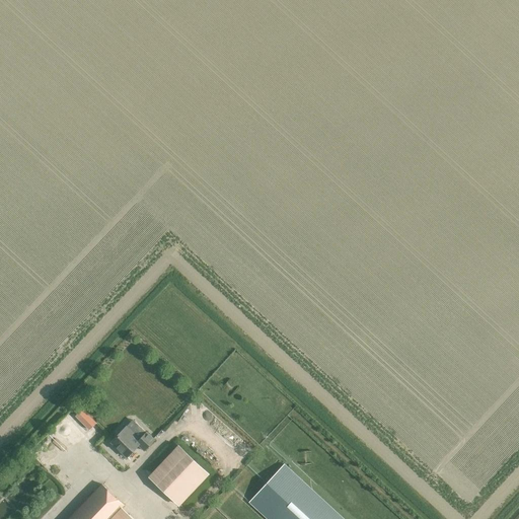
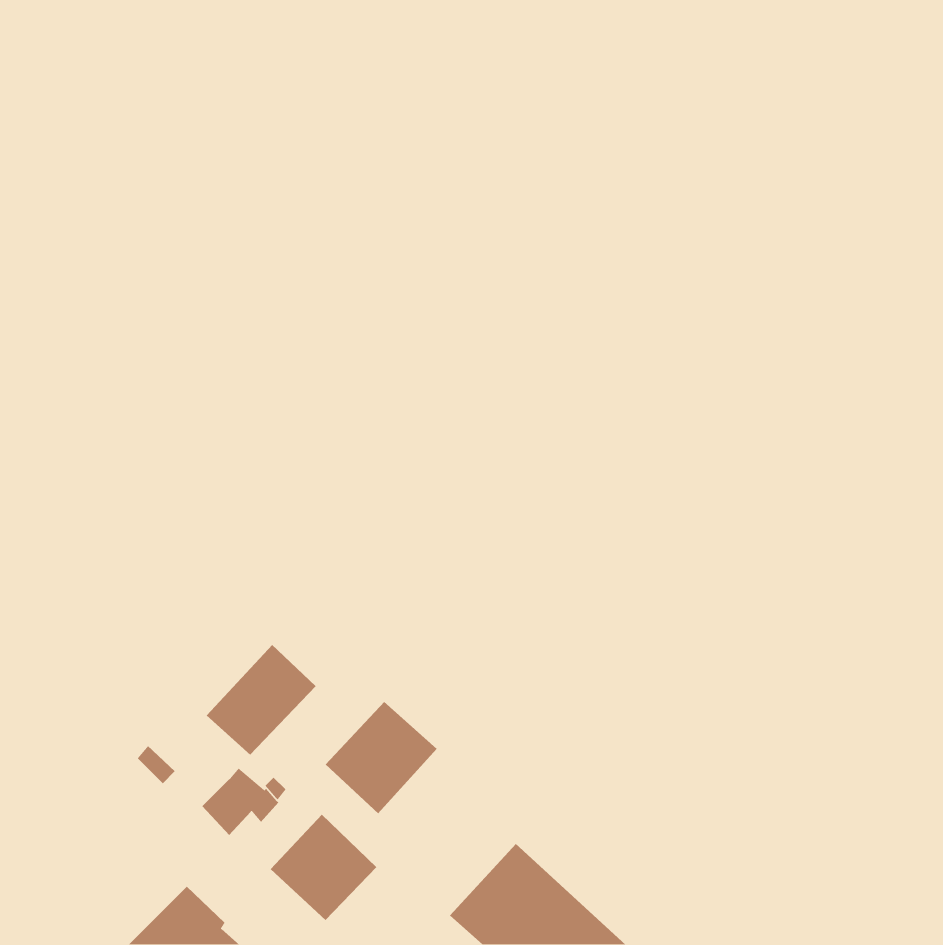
building: none -> [206,644,316,756]
building: none -> [325,701,437,814]

